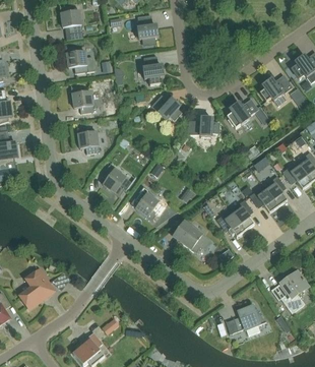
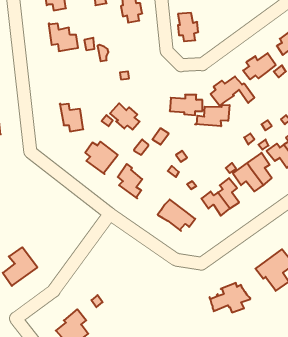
building: [143,56,164,84] -> [178,13,198,41]
building: [71,85,93,113] -> none
building: [152,95,182,121] -> [110,103,140,130]
building: none -> [195,105,230,126]

